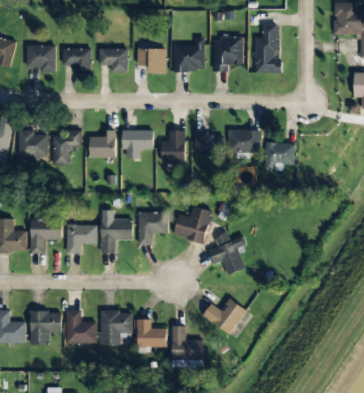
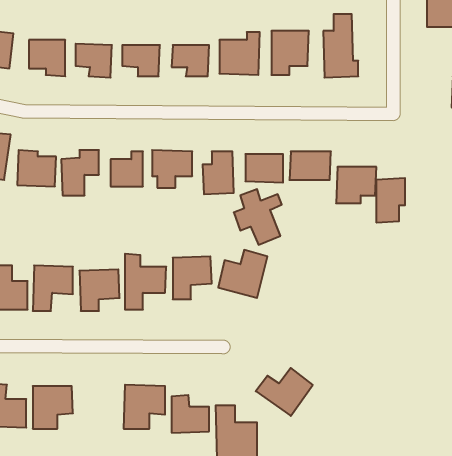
building: none -> [377,178,405,223]
building: [209,232,246,275] -> [234,189,282,245]
building: [66,310,96,344] -> none

